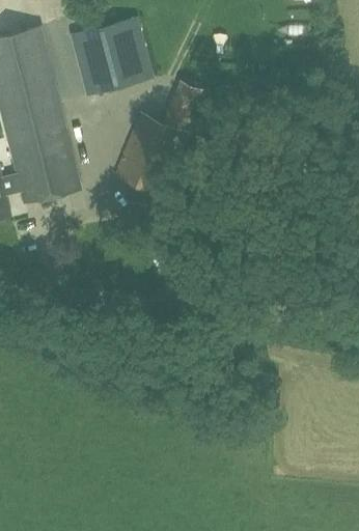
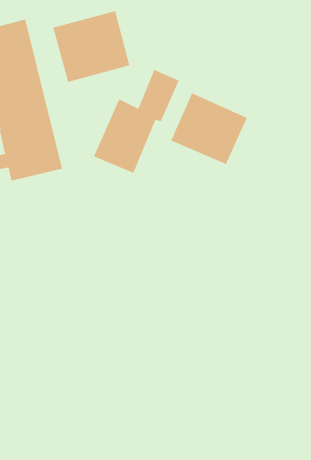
building: none -> [170,92,247,165]

